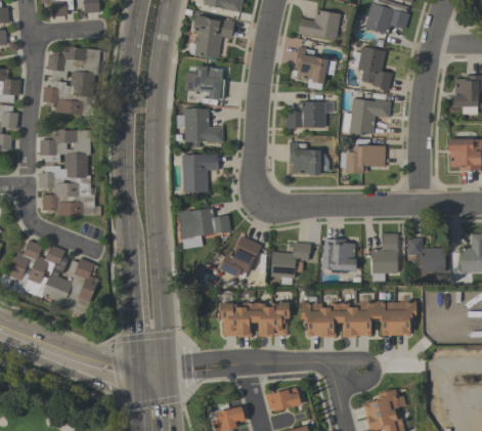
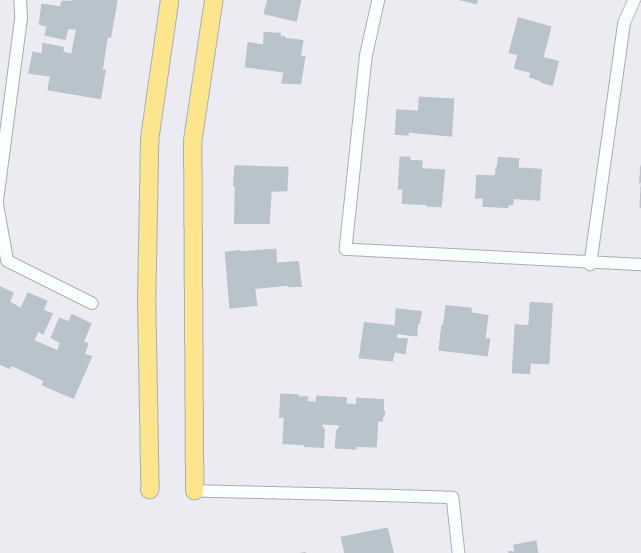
building: [295,46,328,84] -> none
building: [342,99,391,134] -> none
building: [182,107,223,143] -> none
building: [38,130,94,216] -> none
building: [219,236,261,277] -> none
building: [407,239,444,272] -> none
building: [301,297,418,338] -> none

